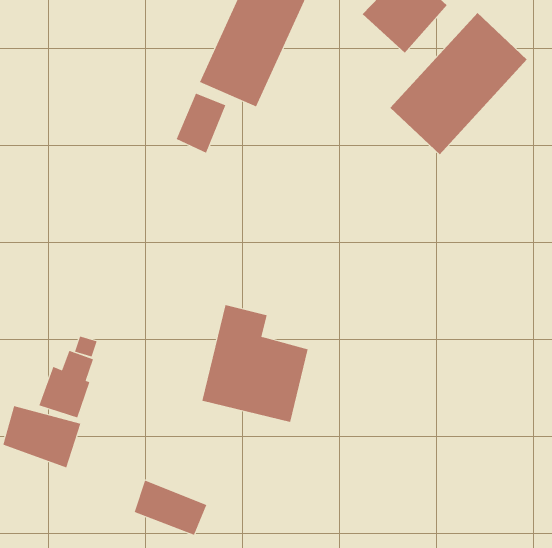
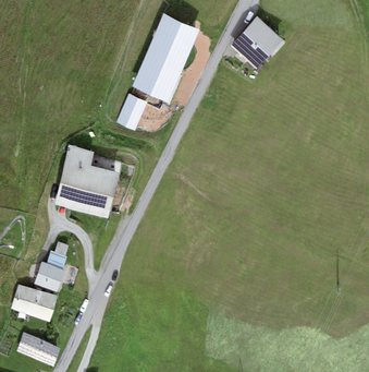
building: [390,12,528,155] -> none
building: [201,304,309,422] -> [54,145,120,217]
building: [134,480,207,535] -> [16,332,61,365]

